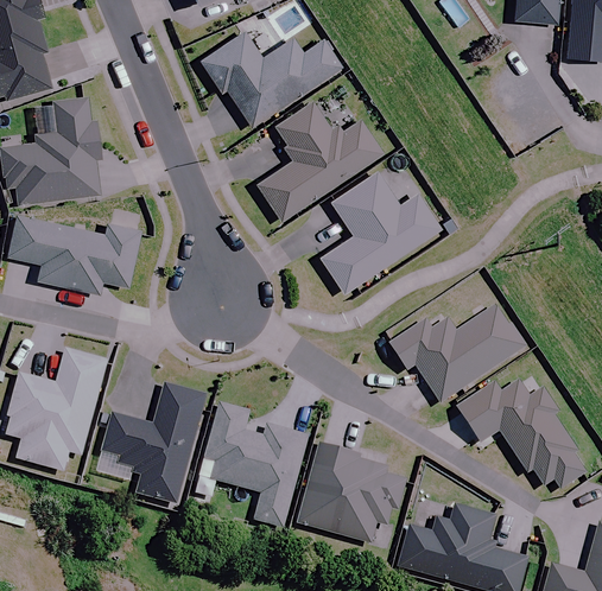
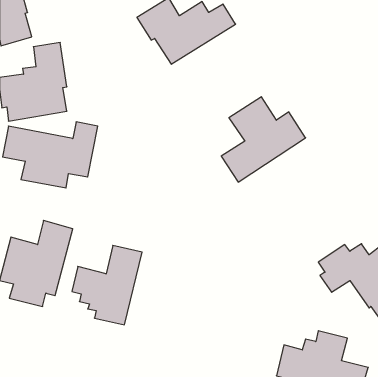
building: [254,90,380,222] -> none
building: [388,305,524,402] -> none
building: [204,401,312,528] -> none
building: [293,443,408,544] -> none

